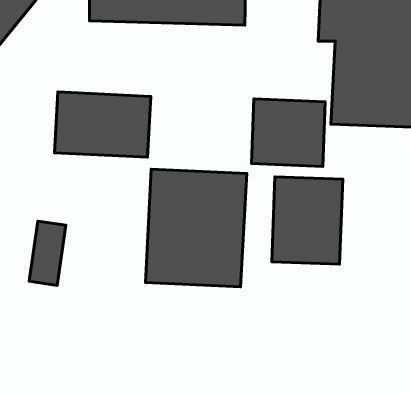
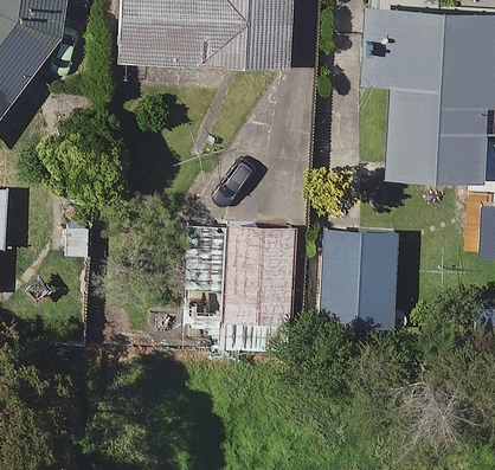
building: [54,92,151,157] -> none
building: [252,99,325,166] -> none

